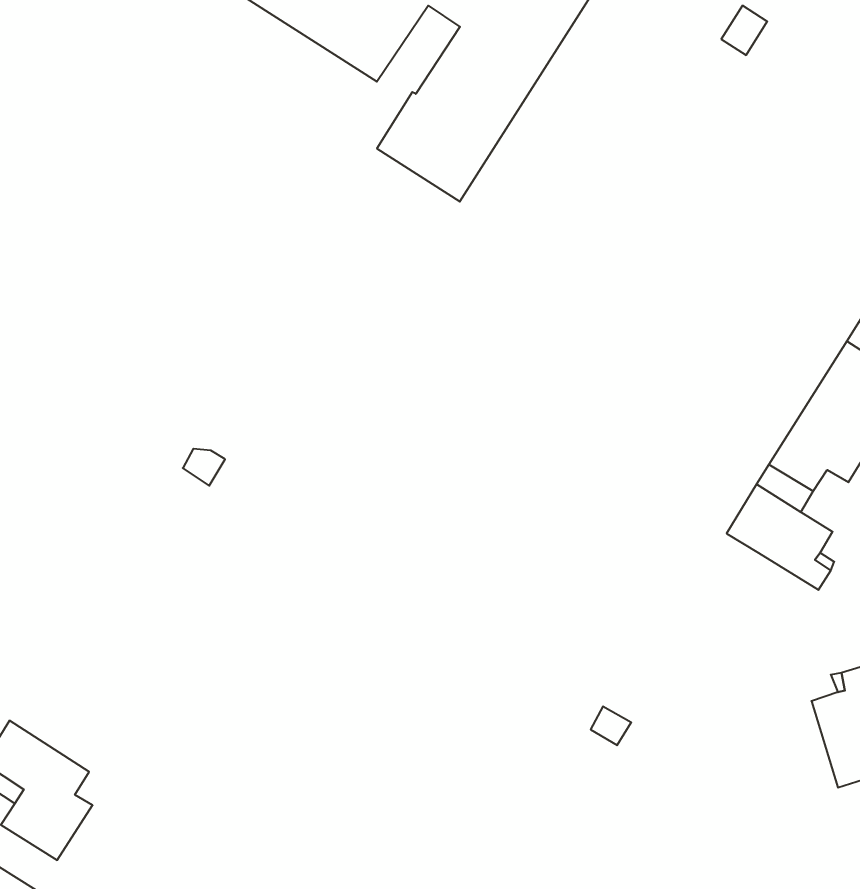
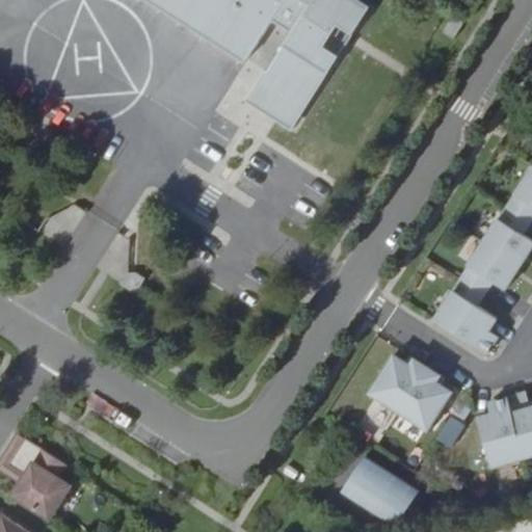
building: none -> [374,356,454,429]
building: none -> [341,454,418,524]

